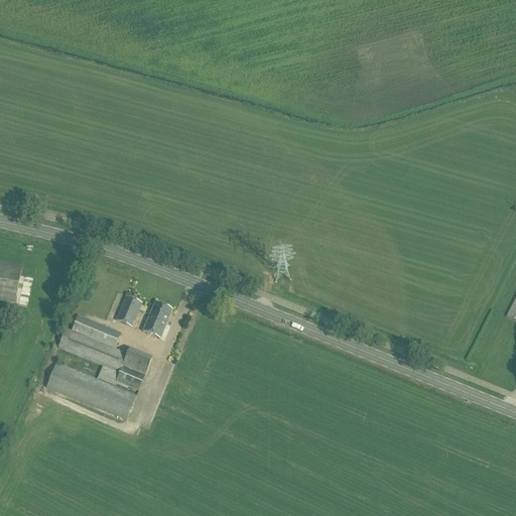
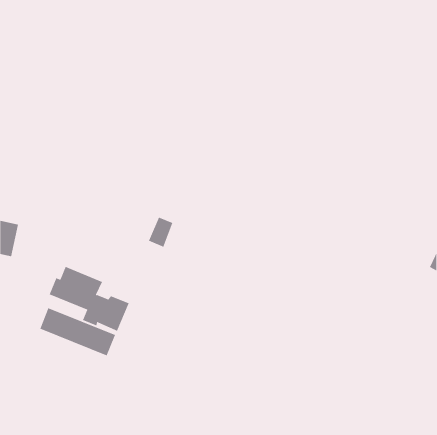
building: [115,294,142,326] -> none
building: [142,301,171,338] -> [148,217,173,248]

